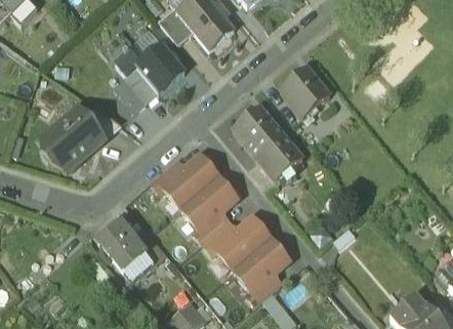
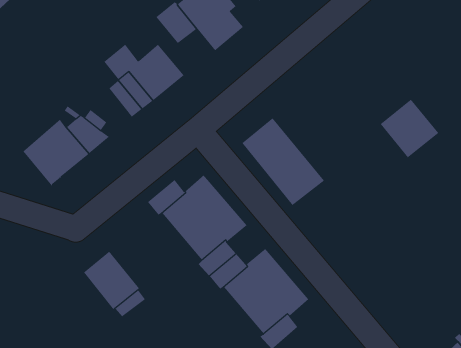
building: [278,68,328,118] -> [380,99,439,158]

